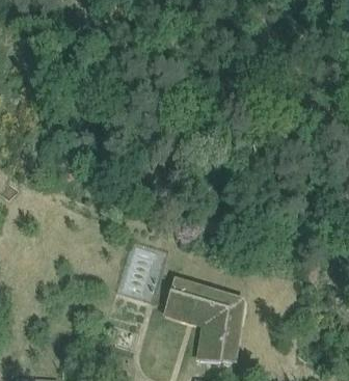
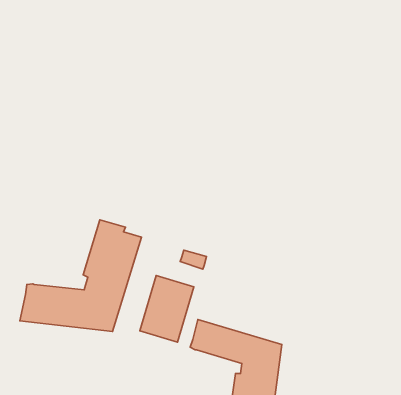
building: none -> [20,220,142,332]

